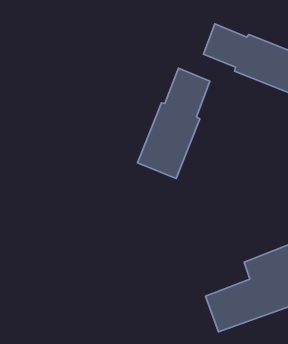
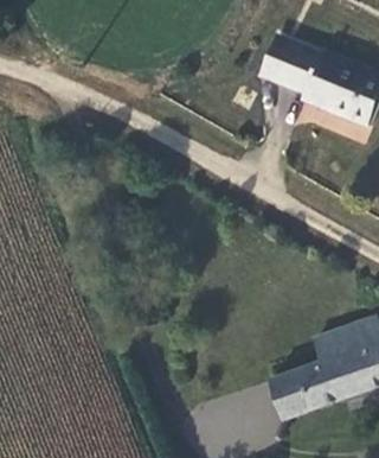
building: [138,68,210,179] -> none

